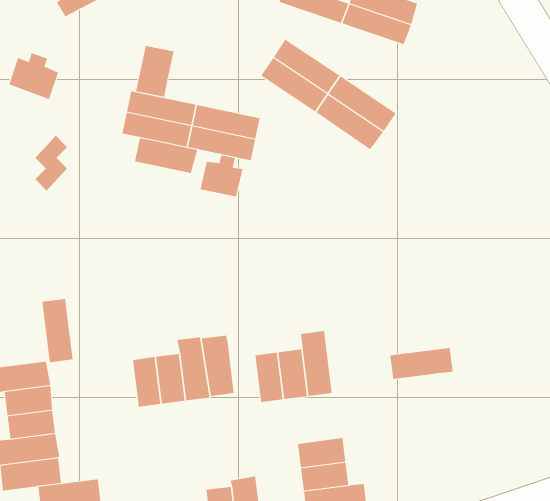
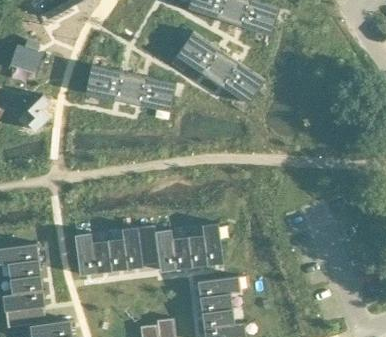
building: [136,45,174,98] -> none
building: [134,138,198,174] -> none
building: [200,154,243,197] -> none
building: [41,298,73,363] -> [74,233,95,275]
building: none -> [154,229,175,272]
building: [389,347,454,379] -> [197,276,239,297]

